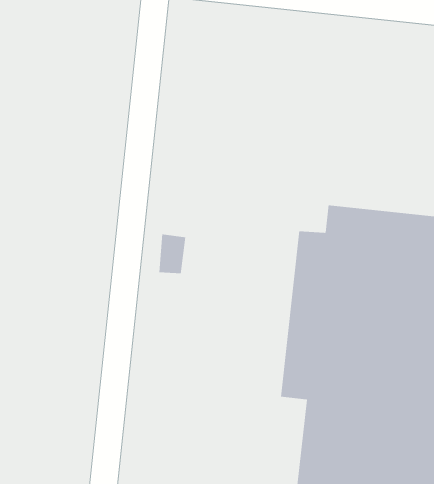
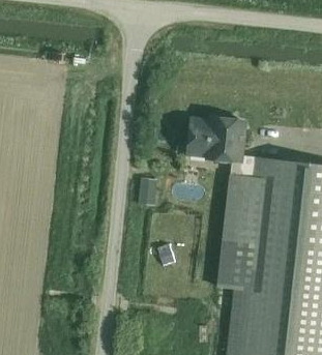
building: none -> [186,119,250,176]

